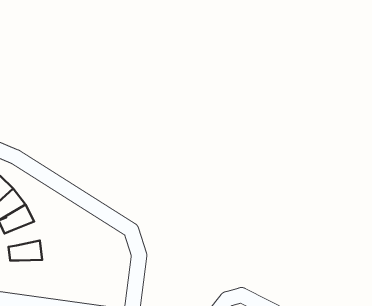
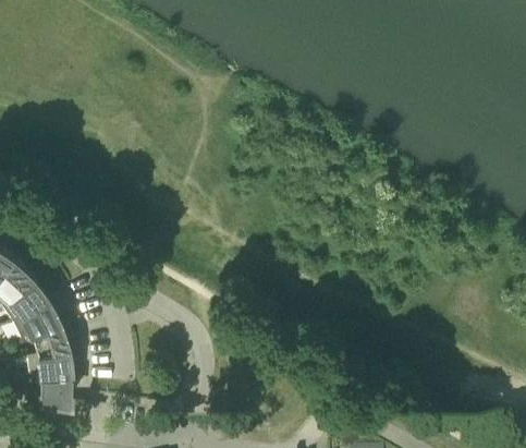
building: none -> [32,323,69,355]
building: none -> [39,375,72,401]

